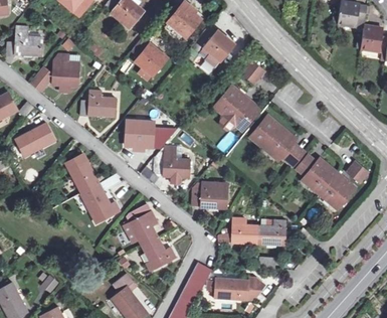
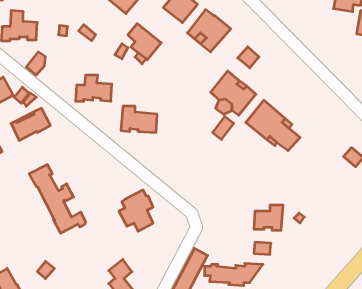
building: [51,53,80,91] -> none
building: [155,146,190,182] -> none
building: [65,154,122,222] -> [29,165,86,233]
building: [296,155,355,205] -> none
building: [191,181,227,208] -> none
building: [216,217,258,244] -> none
building: [142,237,176,271] -> none

